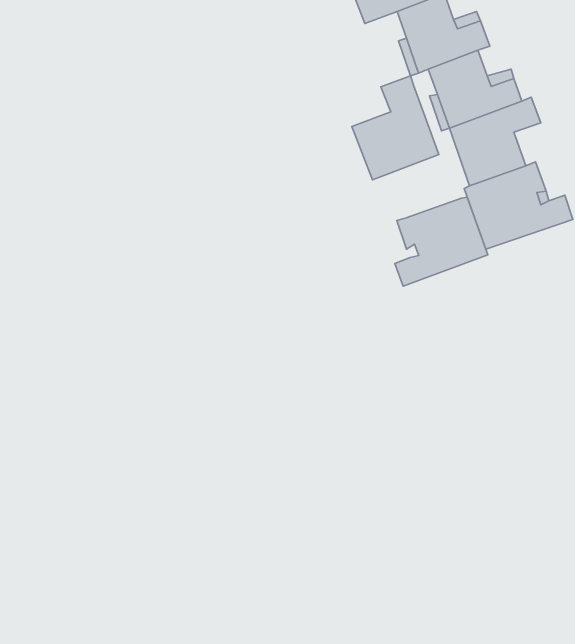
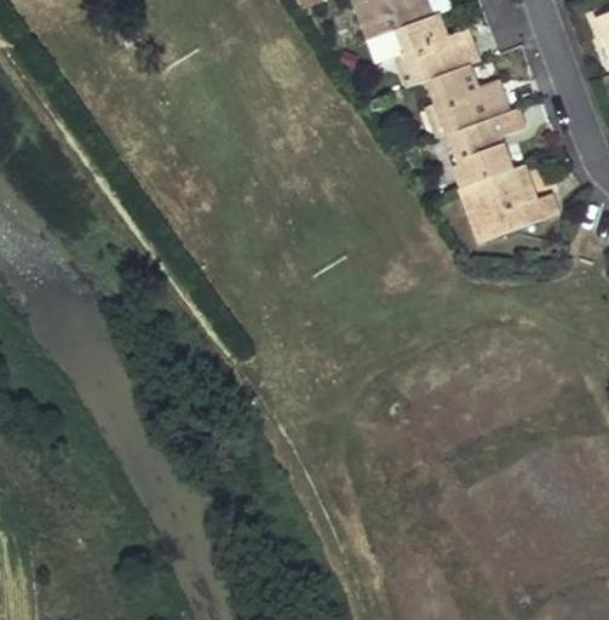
building: [352,76,439,180] -> none
building: [395,197,488,286] -> none

